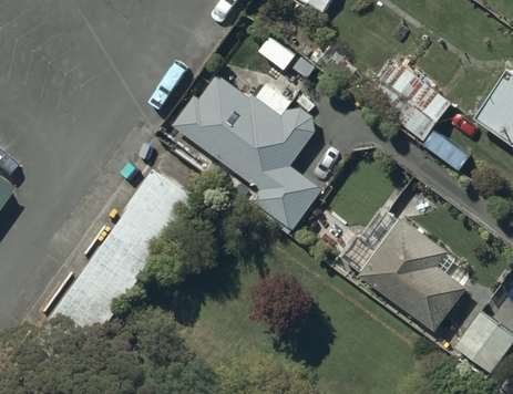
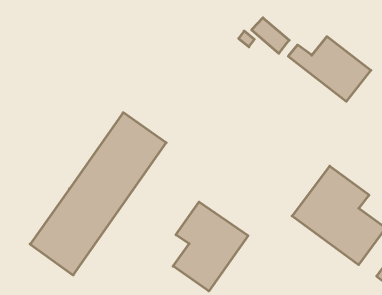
building: [168,69,322,231] -> none
building: none -> [173,202,248,291]

